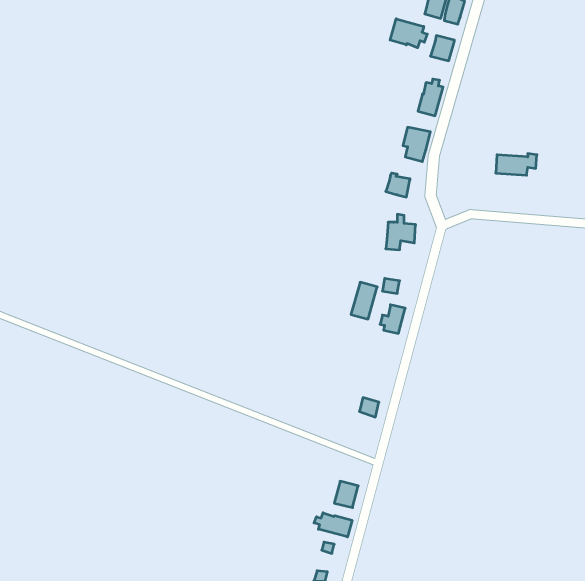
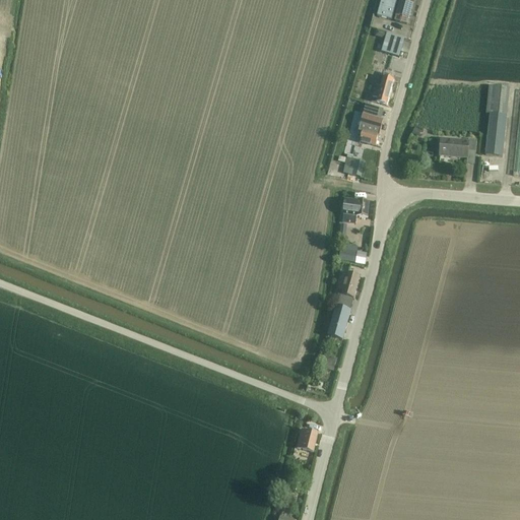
building: [390,19,427,48] -> none
building: none -> [485,83,510,154]
building: [351,282,377,319] -> [327,305,350,337]
building: [314,513,352,537] -> none

